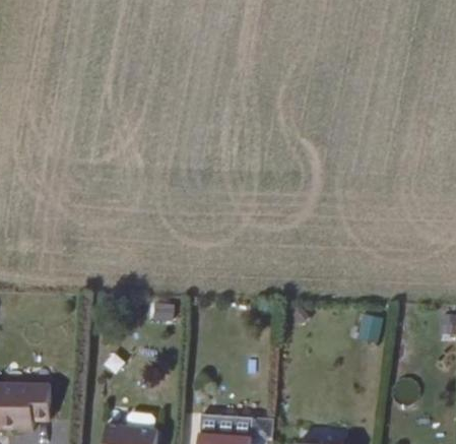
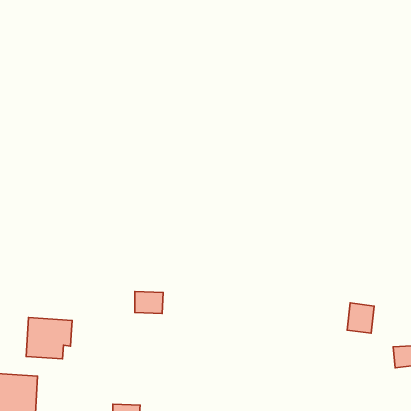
building: none -> [26,317,72,359]

